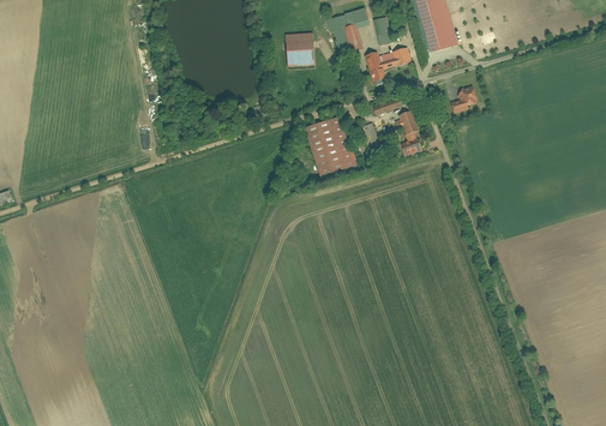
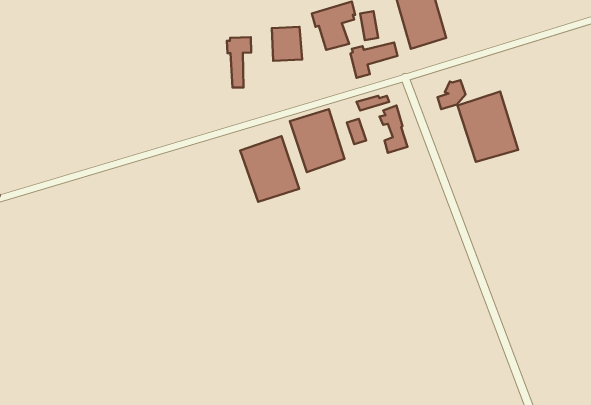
building: none -> [227,37,251,88]
building: none -> [458,92,518,162]
building: none -> [240,136,299,202]

